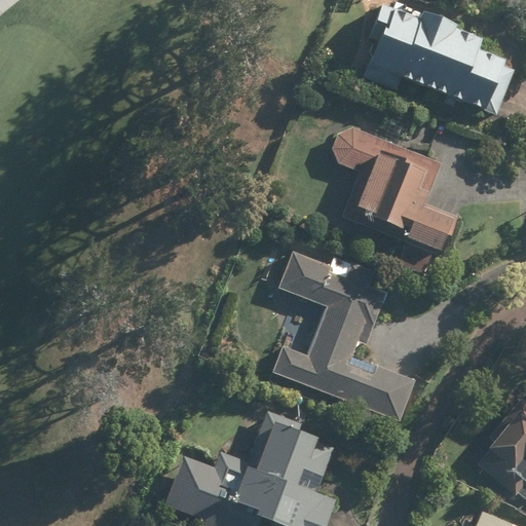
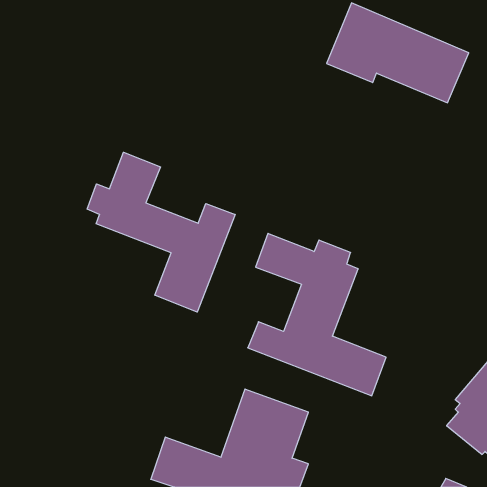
building: [333,124,454,251] -> none
building: none -> [87,152,235,312]

